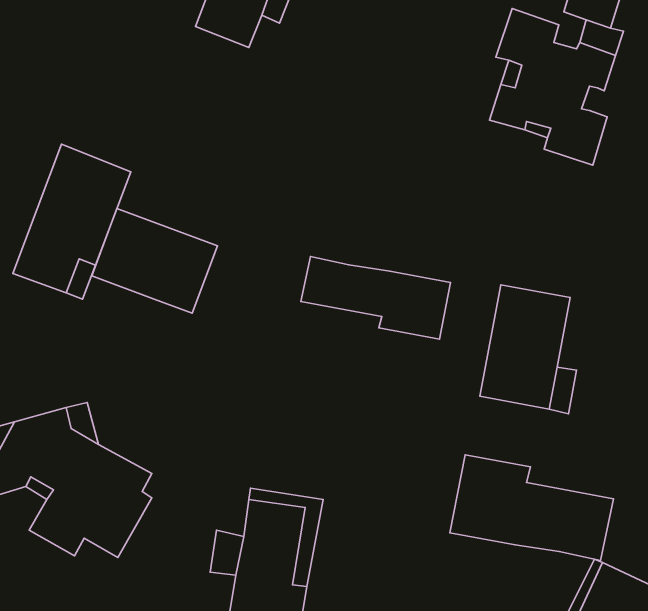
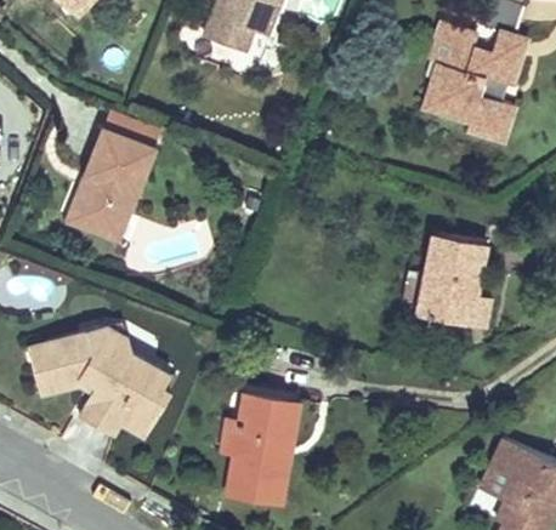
building: [92,208,217,313] -> none
building: [301,257,451,339] -> none
building: [450,455,613,560] -> none

